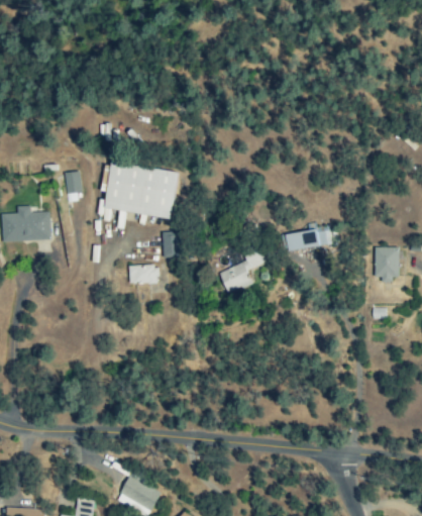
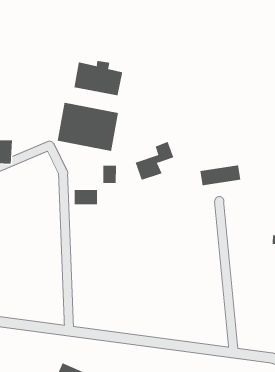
building: none -> [74,60,123,96]
building: [66,171,82,201] -> none
building: [219,243,267,293] -> [135,141,174,180]

